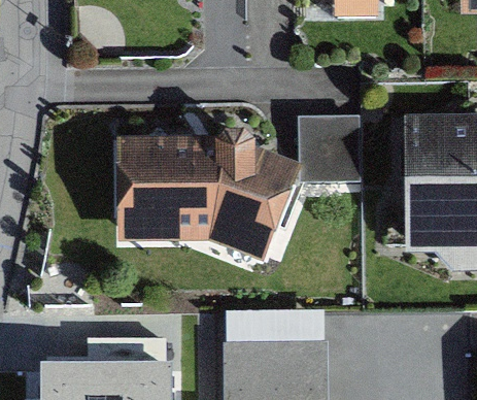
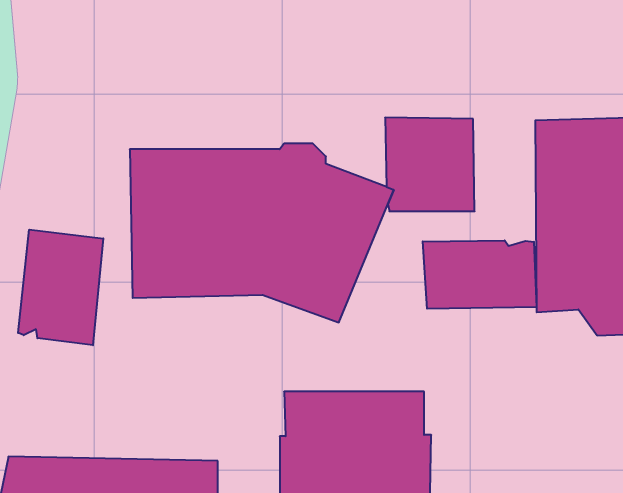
building: none -> [18,230,103,345]
building: none -> [423,240,537,309]

